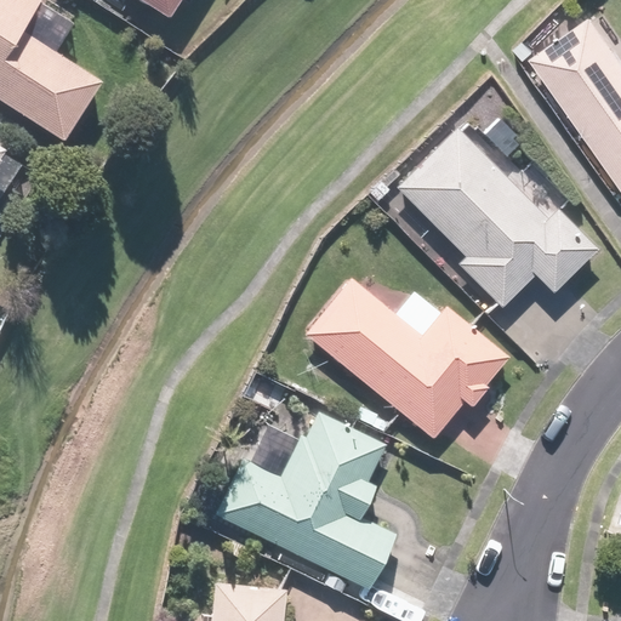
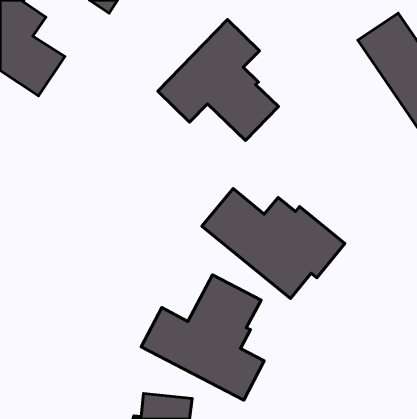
building: none -> [158,20,278,140]
building: [395,127,598,308] -> none

